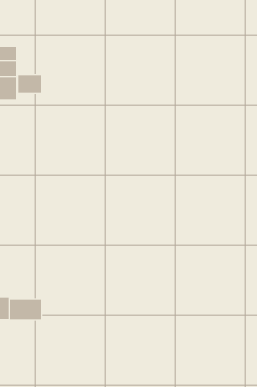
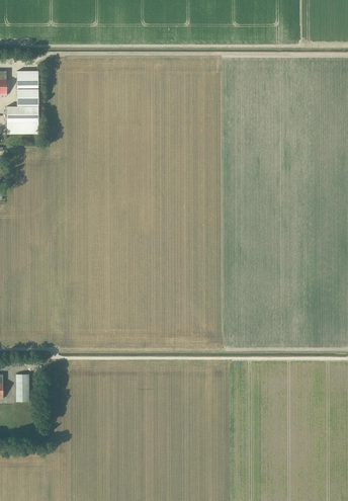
building: [18,74,42,94] -> none
building: [9,299,42,320] -> none

